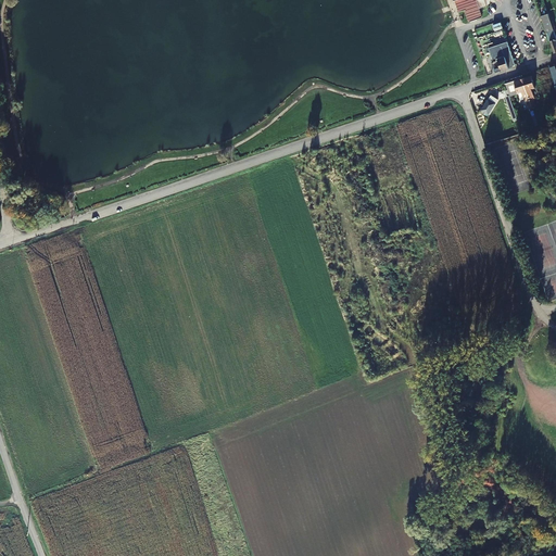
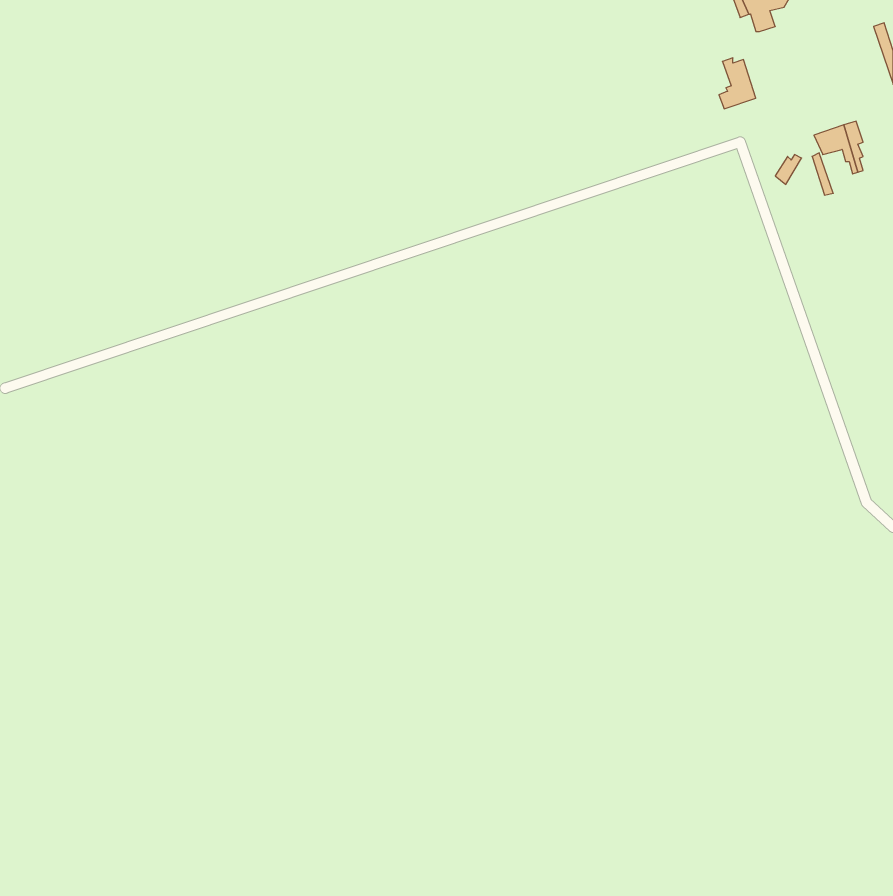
building: [491,39,514,71] -> [719,58,756,109]

